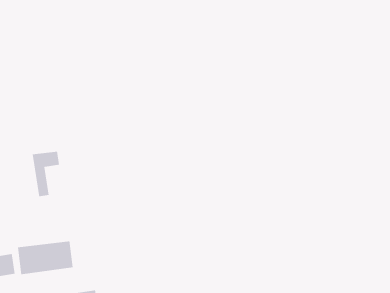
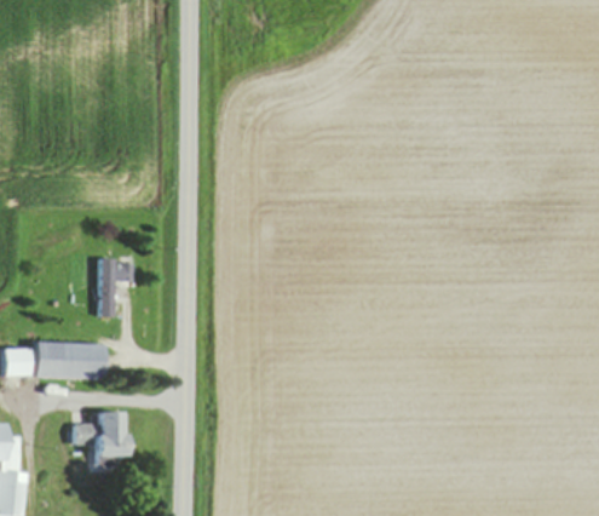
building: [32,151,60,197] -> [98,260,132,316]

